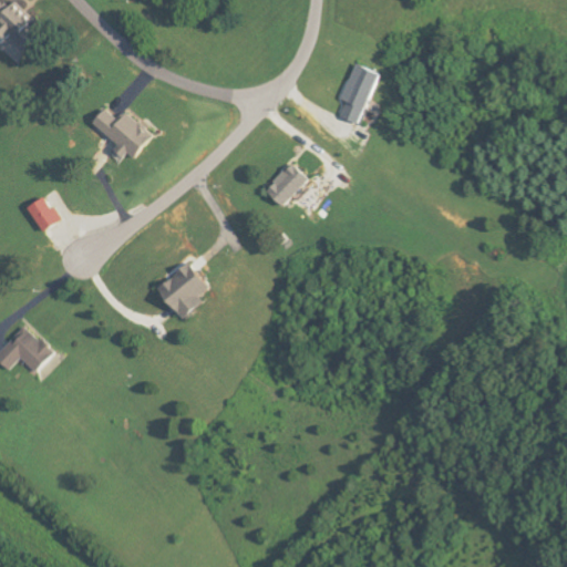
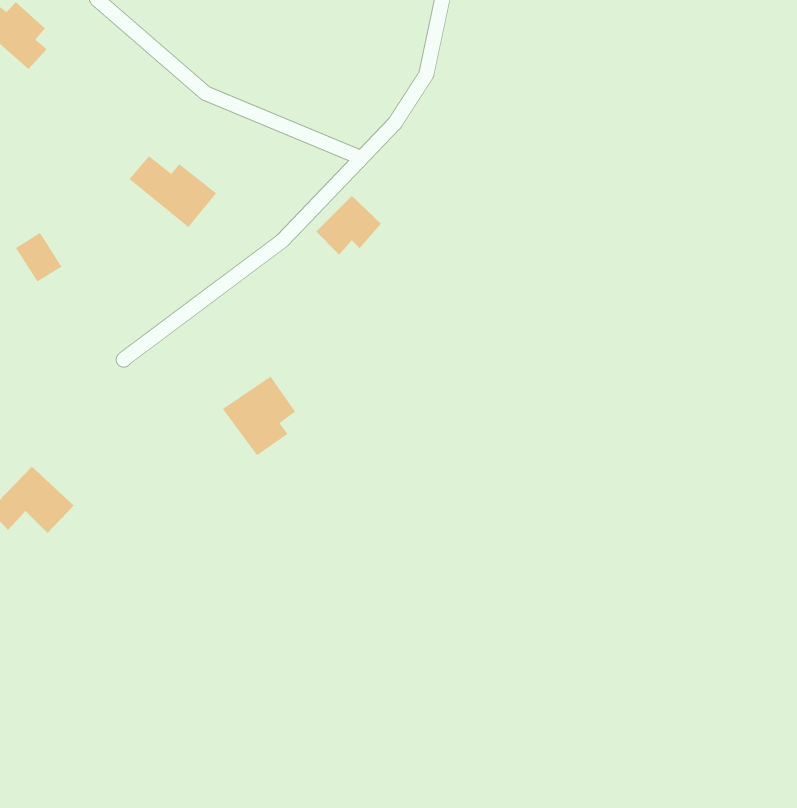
building: [337,63,379,123] -> none
building: [264,164,310,206] -> [315,195,382,255]
building: [24,196,58,231] -> [15,232,62,283]

